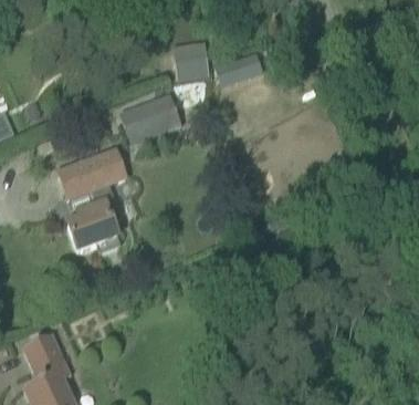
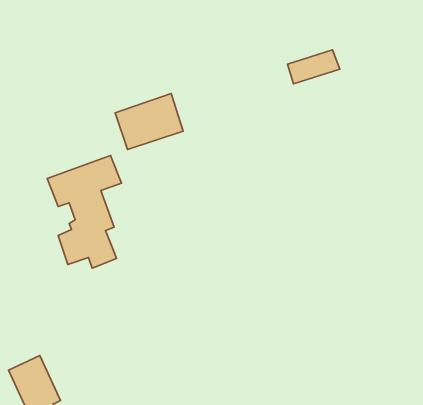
building: [171,43,207,77] -> none
building: [213,53,261,84] -> [288,50,340,84]

